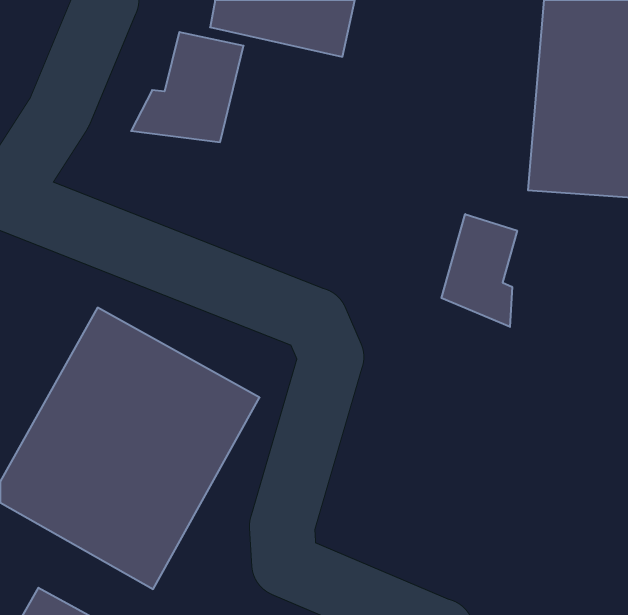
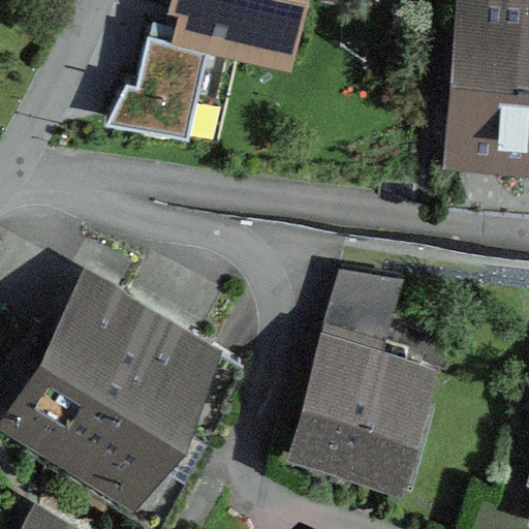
building: [441,214,517,327] -> none
building: none -> [286,273,436,492]

